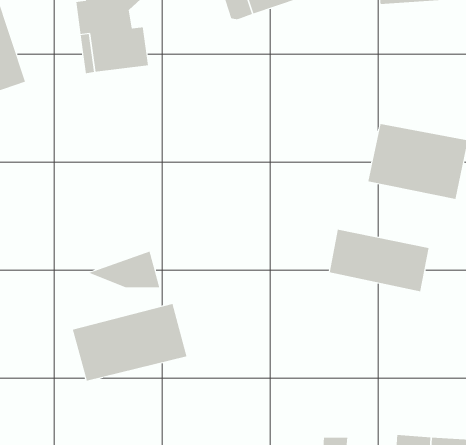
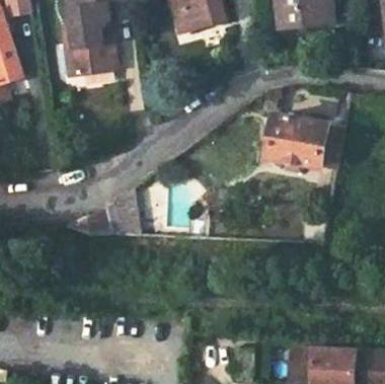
building: [329,229,429,292] -> none
building: [72,303,187,382] -> none

